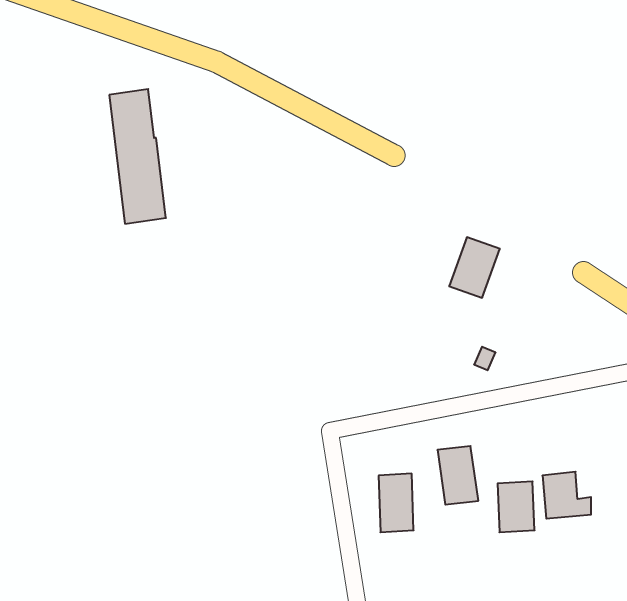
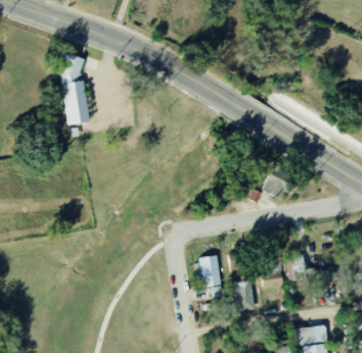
building: [449,237,500,298] -> [264,165,290,197]
building: [437,446,478,505] -> [233,281,255,311]

